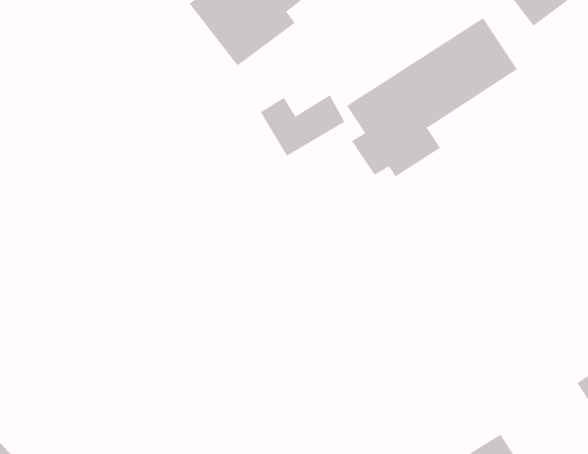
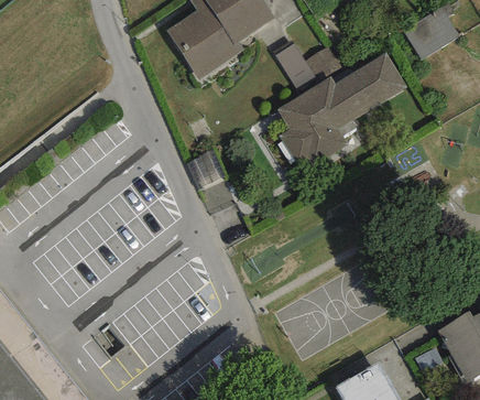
building: [260,95,345,157] -> [277,45,340,89]

